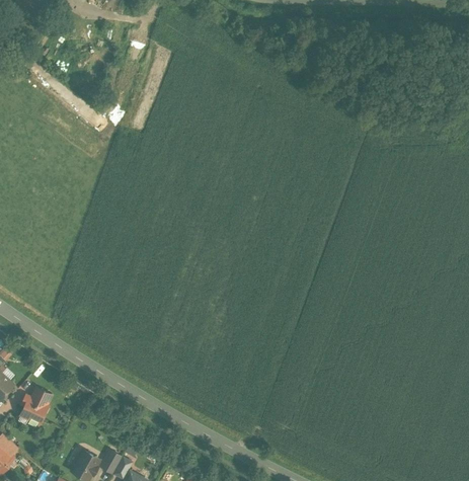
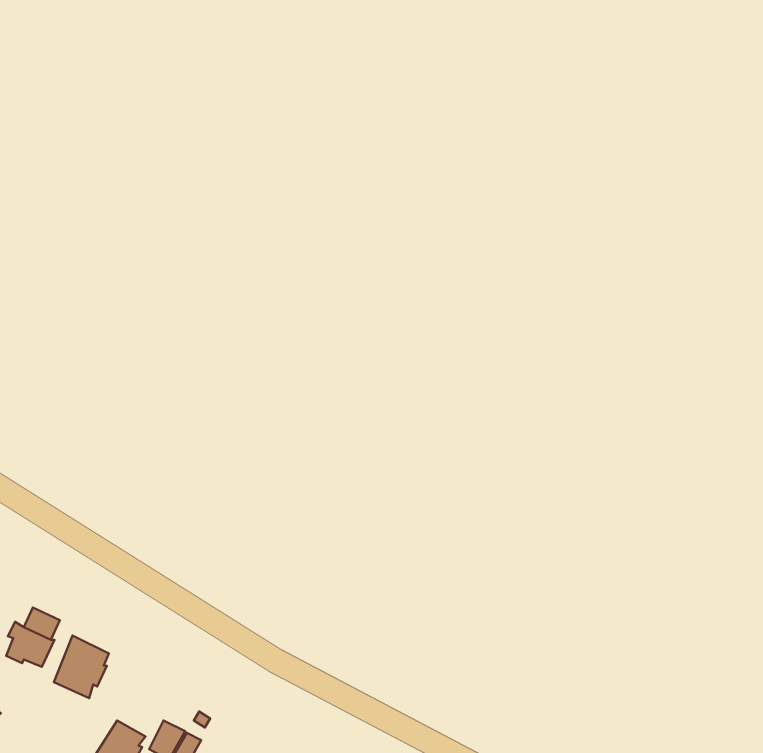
building: none -> [54,636,109,698]

